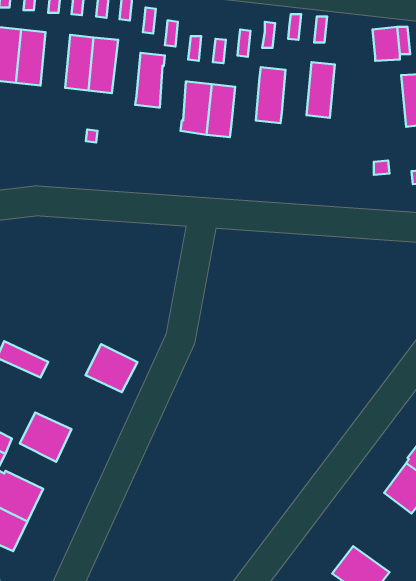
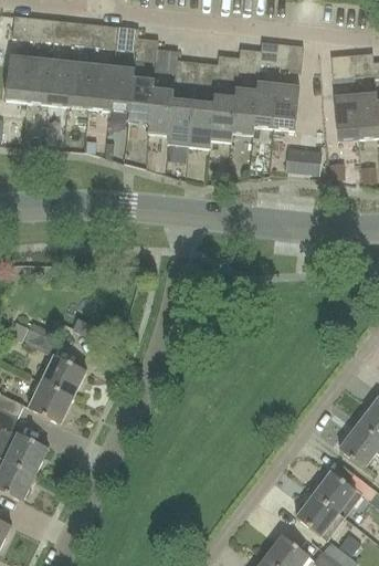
building: none -> [48,57,73,105]
building: none -> [108,64,134,112]
building: none -> [253,81,278,128]
building: none -> [148,86,173,133]
building: none -> [210,94,234,140]
building: none -> [334,94,359,139]
building: none -> [286,148,322,175]
building: [86,344,137,392] -> [43,355,87,396]
building: none -> [314,471,362,517]

